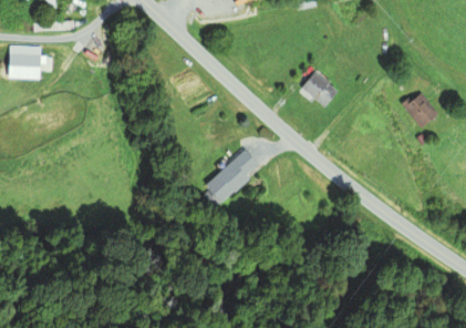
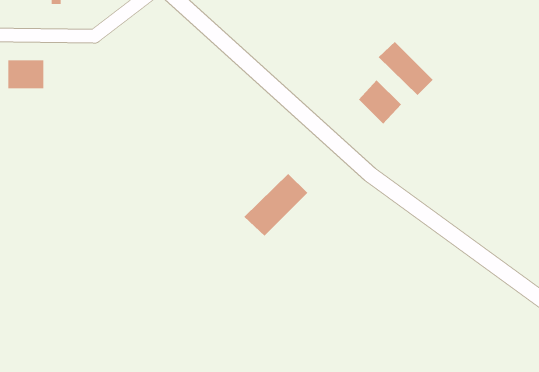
building: none -> [378,41,434,96]
building: [404,90,441,127] -> none

